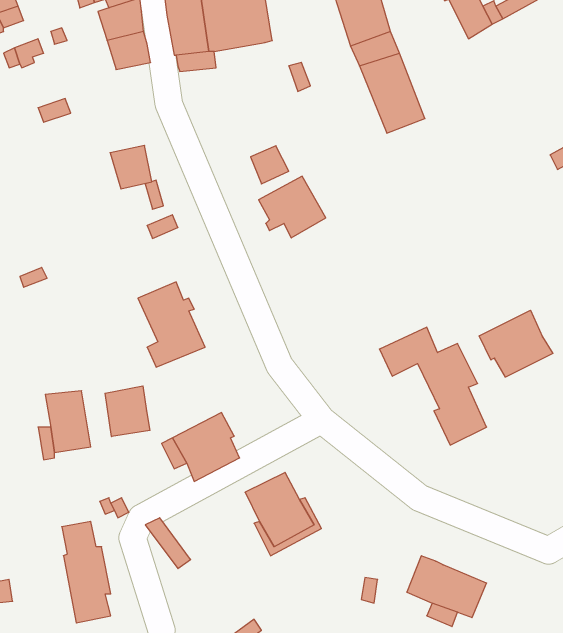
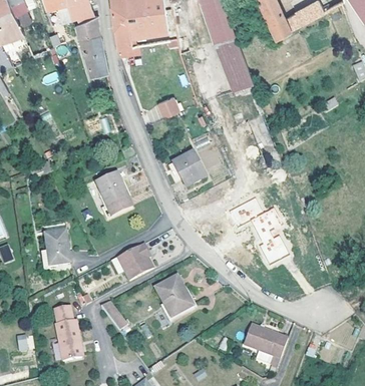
building: [110,145,152,189] -> [84,50,107,74]
building: [259,176,326,238] -> [170,153,208,187]
building: [479,310,553,377] -> none
building: [105,386,150,437] -> none

